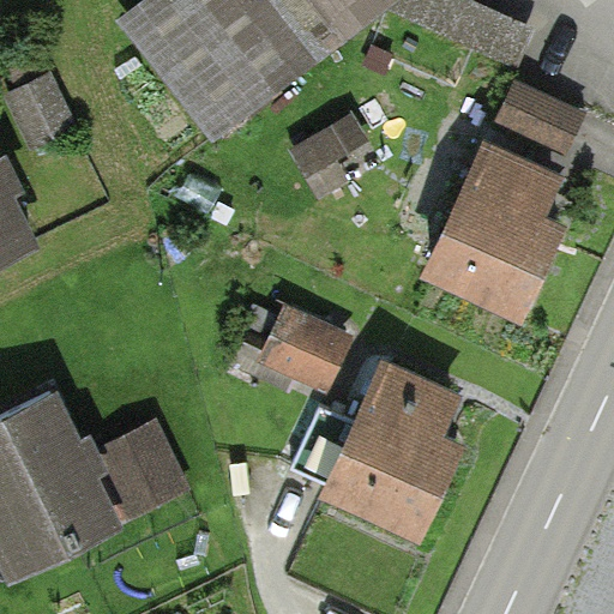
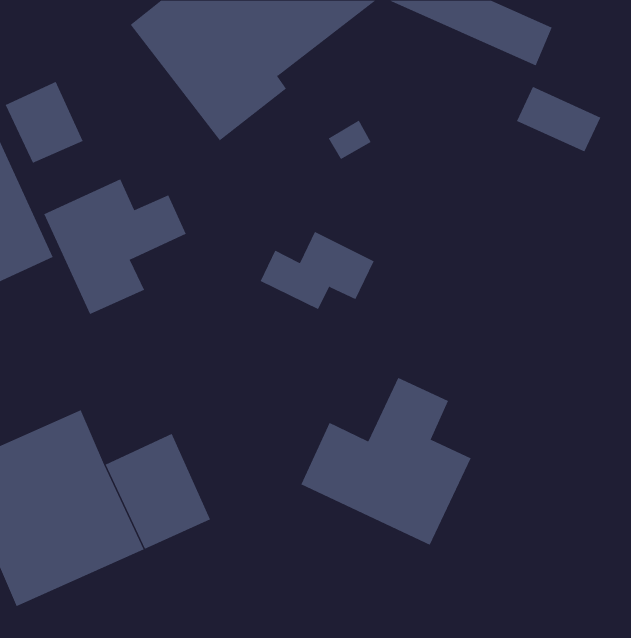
building: [426,143,553,305] -> none
building: none -> [43,178,187,315]
building: [229,312,339,387] -> [260,231,374,310]

